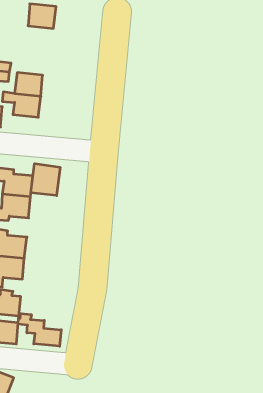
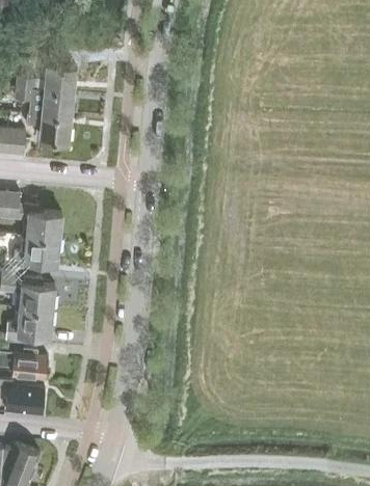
building: [28,4,56,28] -> [44,65,77,95]
building: [31,164,60,196] -> none
building: [18,314,61,346] -> none

